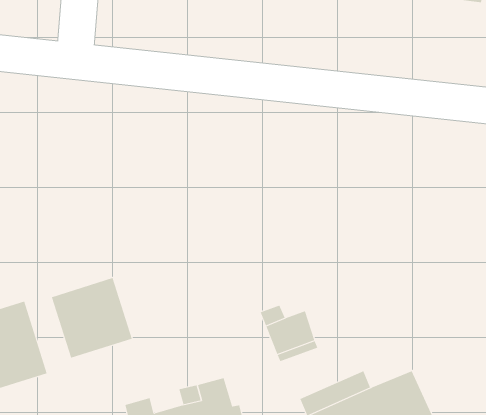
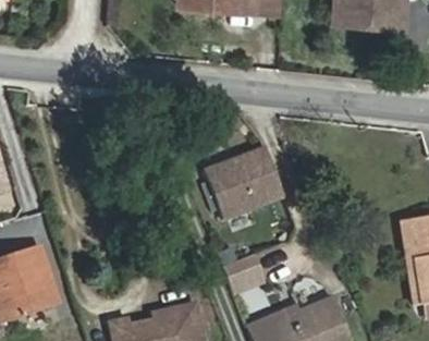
building: none -> [207,150,286,223]
building: [51,277,132,359] -> none

